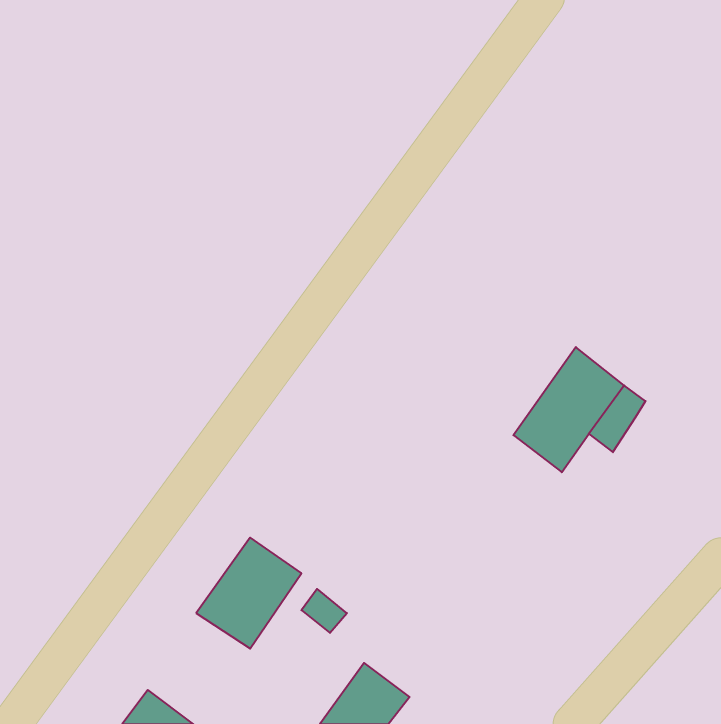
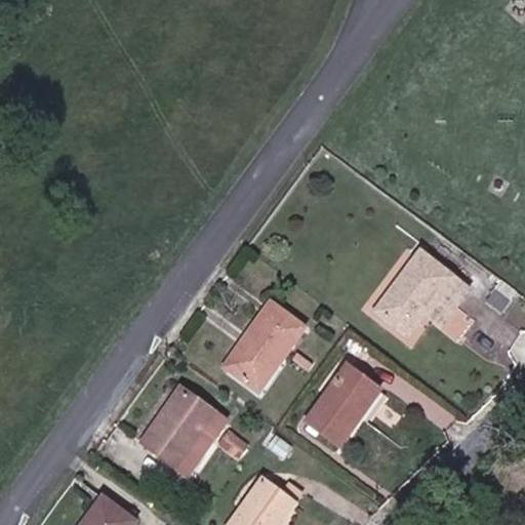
building: none -> [224,299,304,383]
building: none -> [309,368,381,446]

